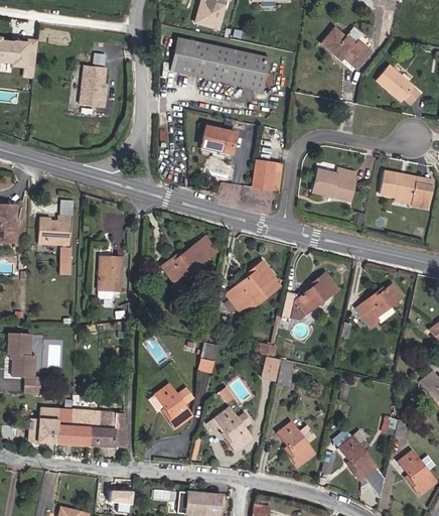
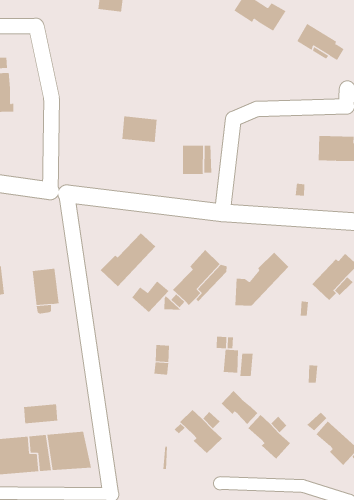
building: [170,37,270,90] -> none
building: [313,168,356,201] -> none
building: none -> [132,280,170,313]
building: none -> [24,403,58,424]
building: [154,383,192,427] -> none
building: none -> [221,390,258,425]

